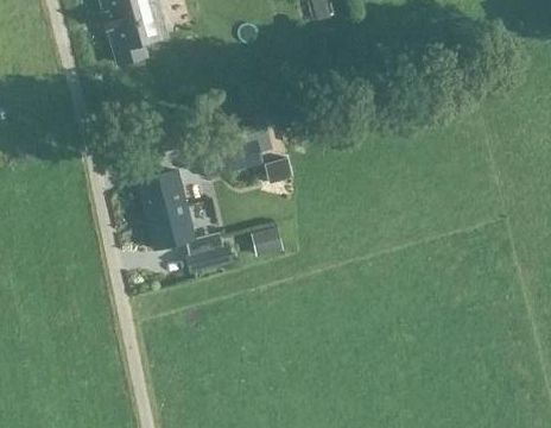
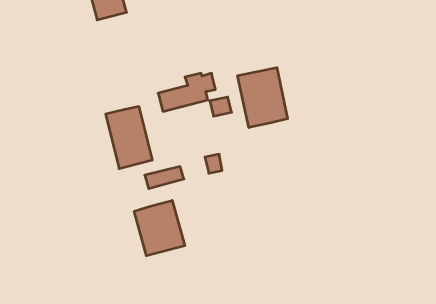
building: none -> [238,68,288,128]
building: none -> [134,200,185,256]

